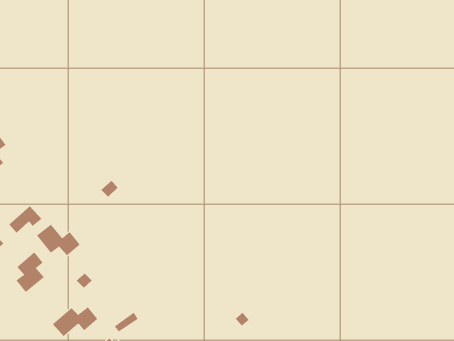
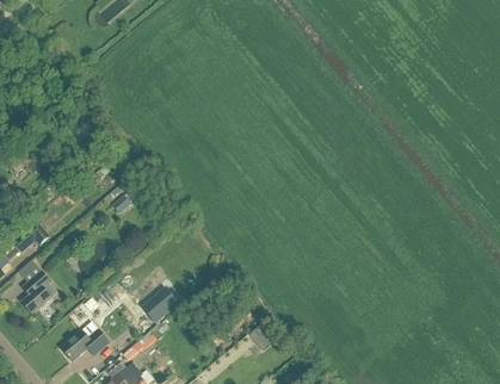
building: [36,224,81,256] -> none
building: none -> [141,289,177,323]

